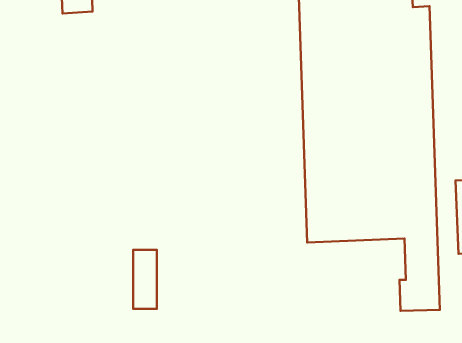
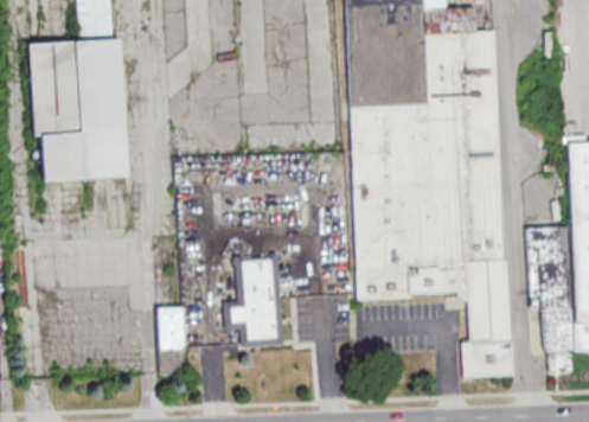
building: none -> [30,40,126,180]
building: none -> [225,257,282,346]

